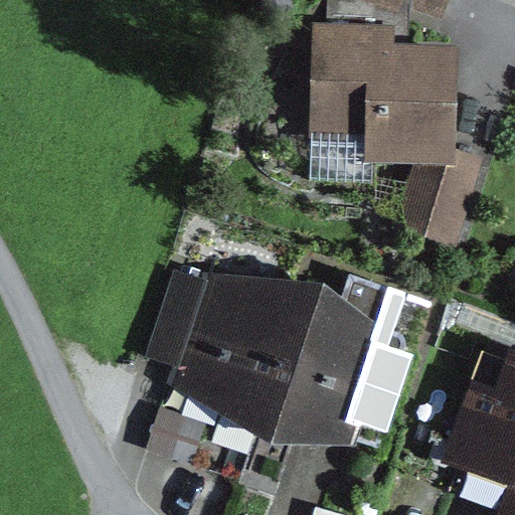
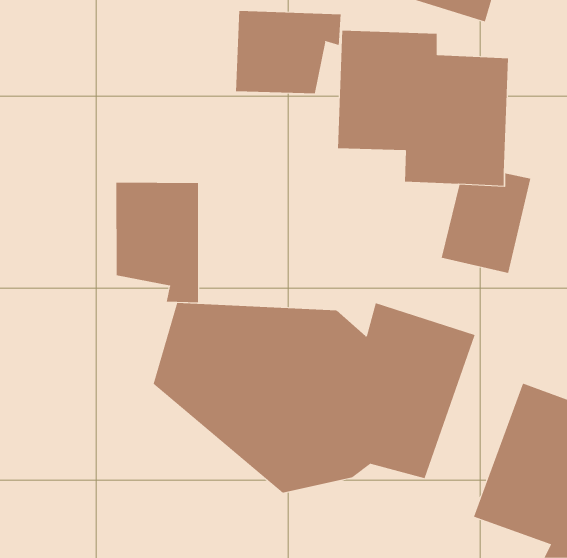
building: none -> [235,10,341,94]
building: none -> [116,182,198,303]

